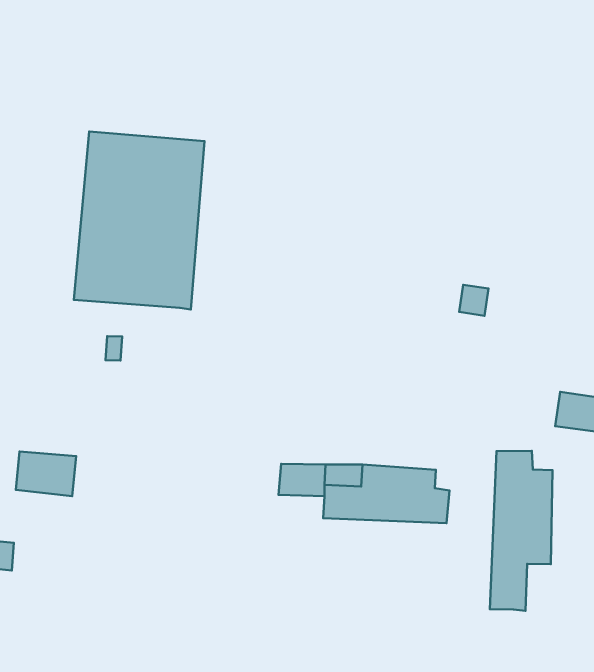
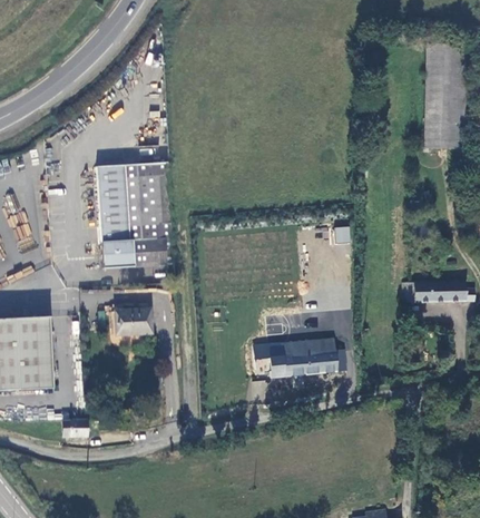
building: [490,451,552,611] -> none
building: [16,451,76,496] -> [114,309,149,334]

